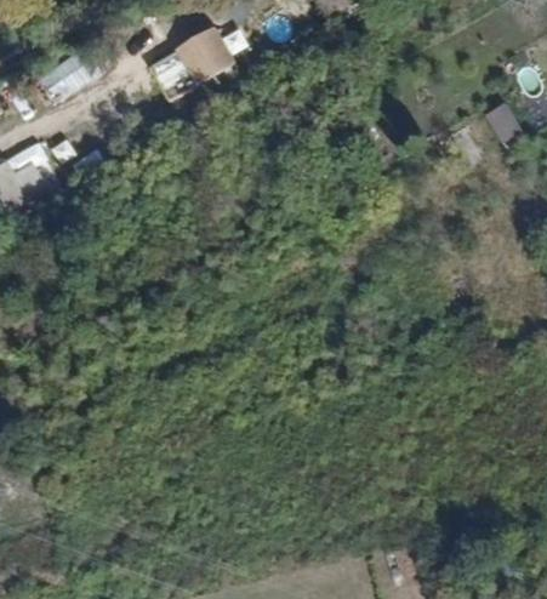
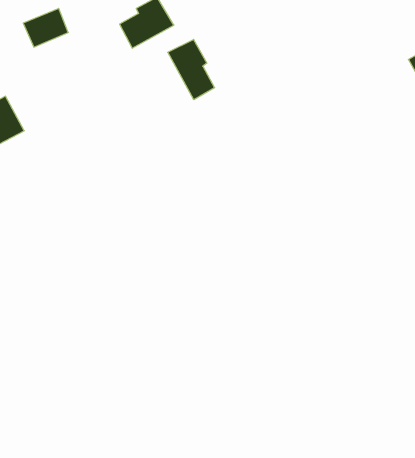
building: none -> [168,39,215,100]

